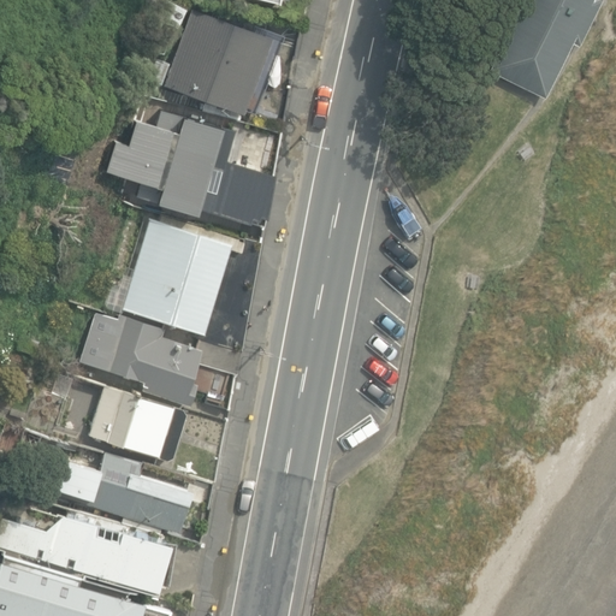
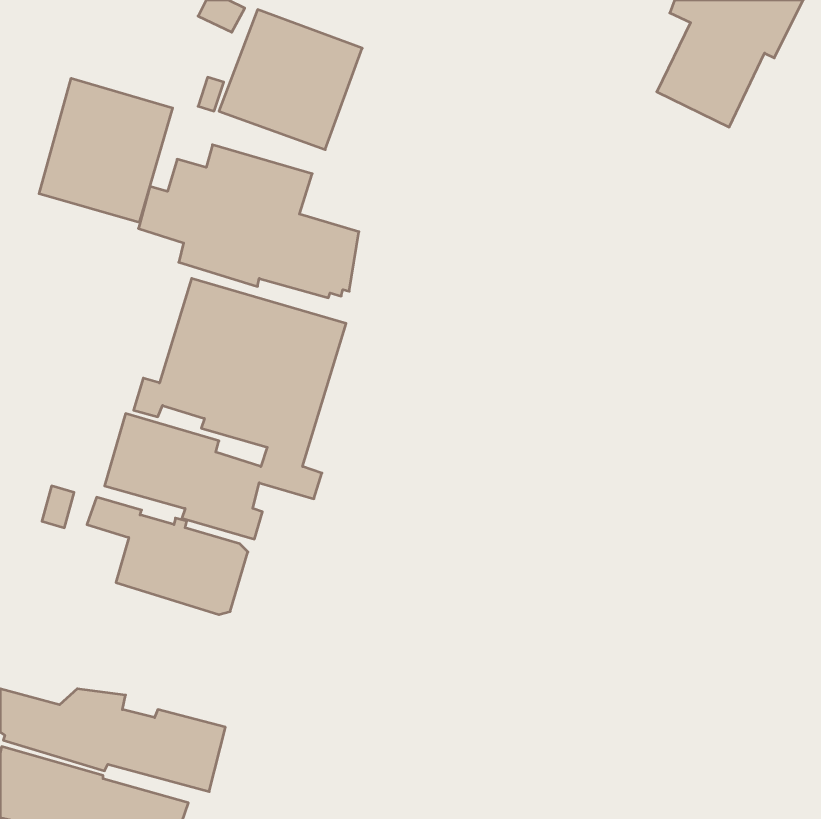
building: none -> [39,78,173,222]
building: [63,439,194,533] -> none

